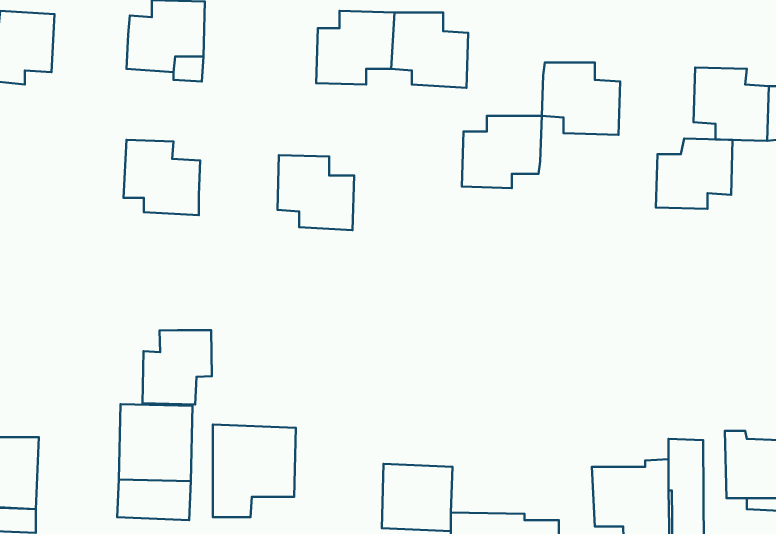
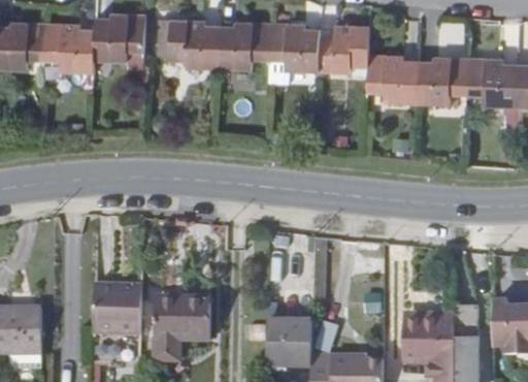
building: [462,116,542,188] -> [321,26,373,73]
building: [656,138,733,209] -> [421,58,471,104]
building: [123,140,200,215] -> [47,24,98,73]
building: [277,155,354,230] -> [172,20,223,69]
building: [142,330,212,404] -> none

